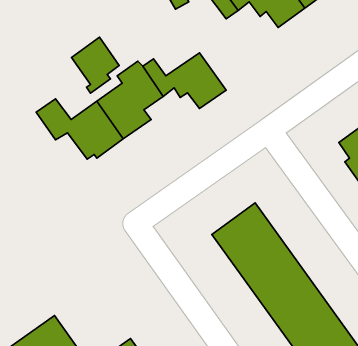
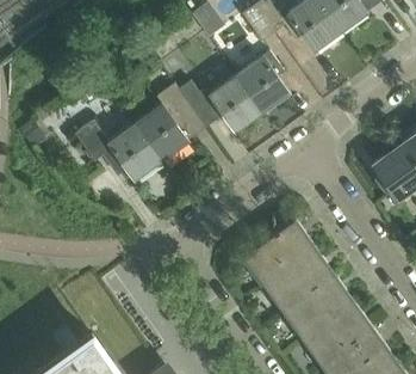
building: none -> [236,50,288,112]
building: [71,37,119,93] -> none

